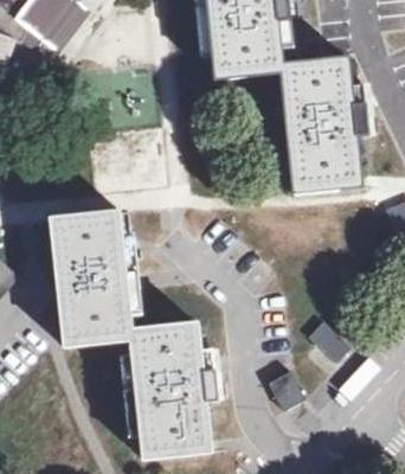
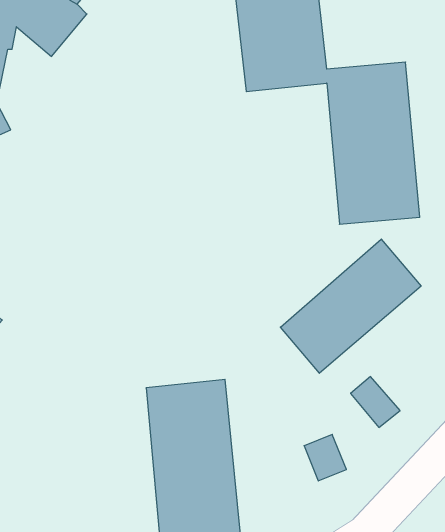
building: none -> [280,239,421,373]
building: [51,210,130,347] -> none

